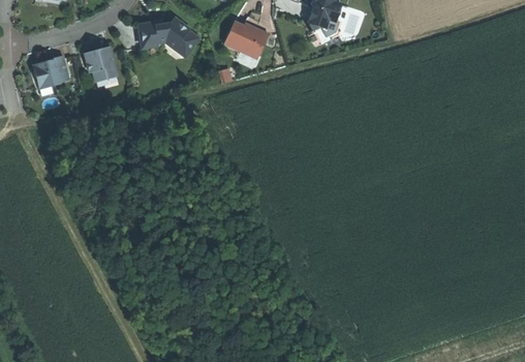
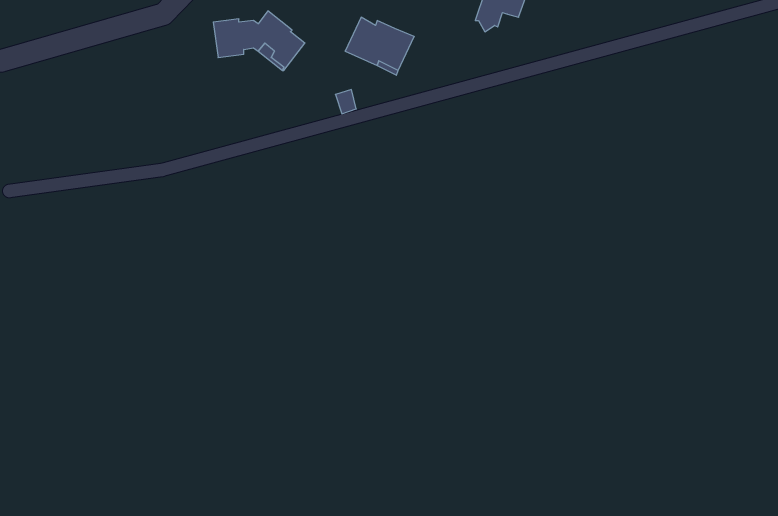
building: [84,47,116,82] -> none
building: [32,56,69,89] -> none

